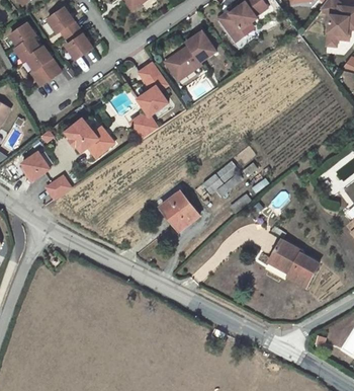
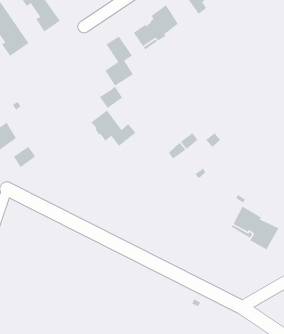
building: [65,121,112,159] -> [91,110,136,147]
building: [161,191,199,230] -> none

